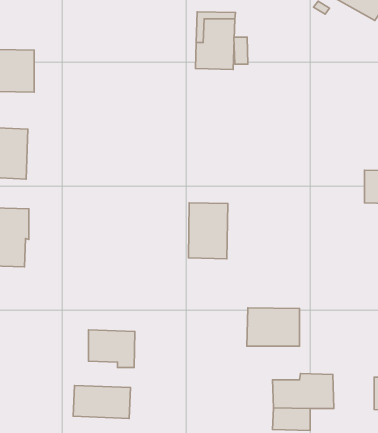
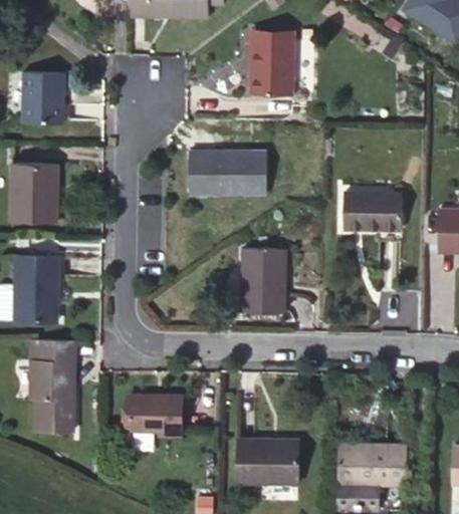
building: none -> [188,152,266,194]
building: none -> [345,193,402,230]
building: none -> [30,340,74,431]
building: [247,308,300,346] -> [237,439,297,483]
building: [73,386,130,419] -> none

